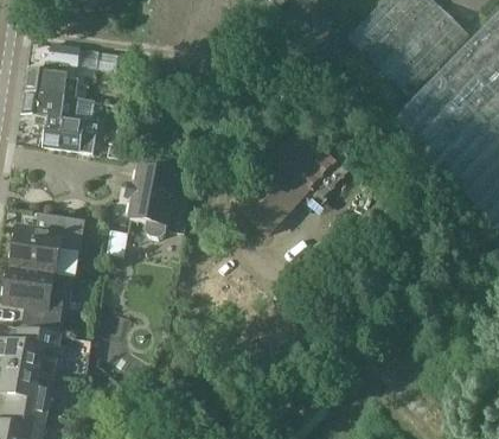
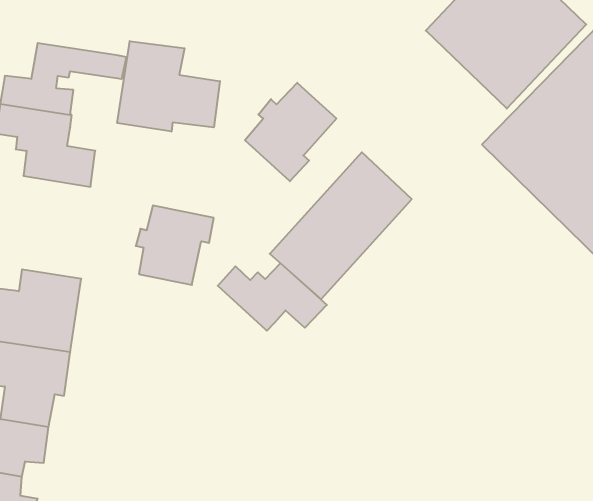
building: none -> [117,41,220,132]
building: none -> [245,83,336,181]
building: none -> [218,263,327,331]

